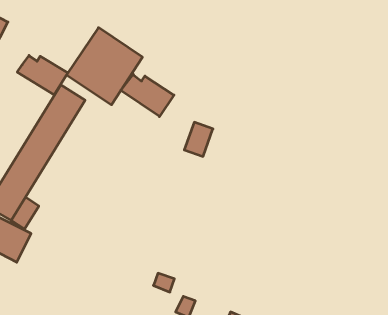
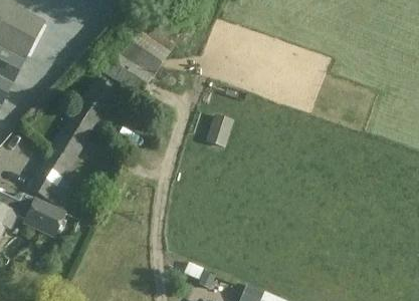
building: [17,55,68,95] -> none
building: [121,74,174,117] -> none

